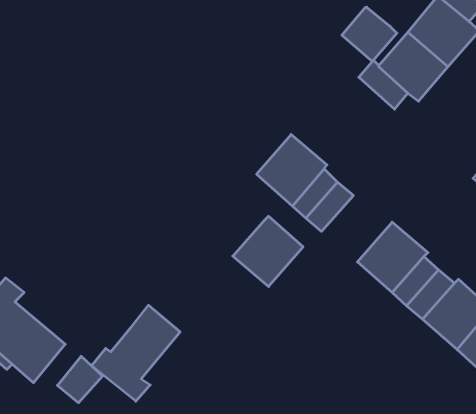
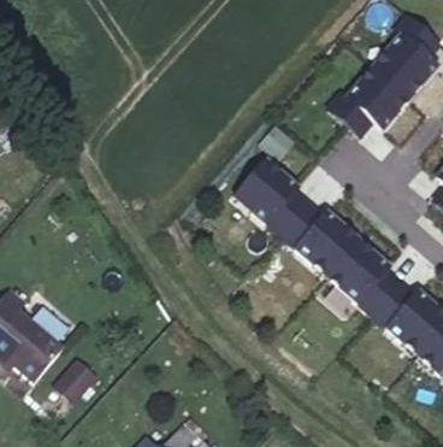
building: [342,7,397,61] -> none
building: [233,216,303,287] -> [295,212,359,276]
building: [91,305,180,401] -> none

